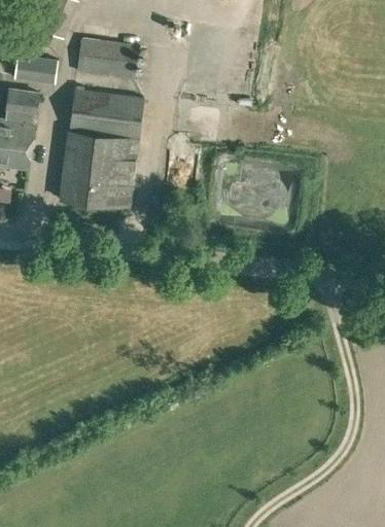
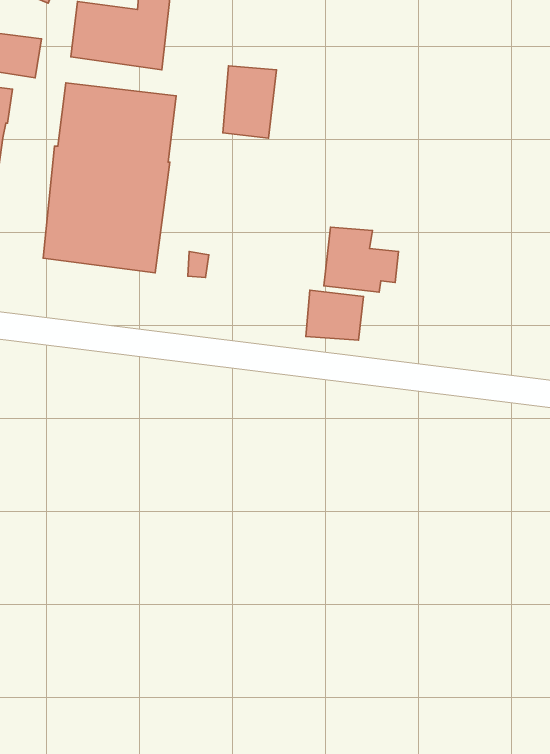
building: none -> [223,66,277,138]
building: none -> [306,290,363,340]

